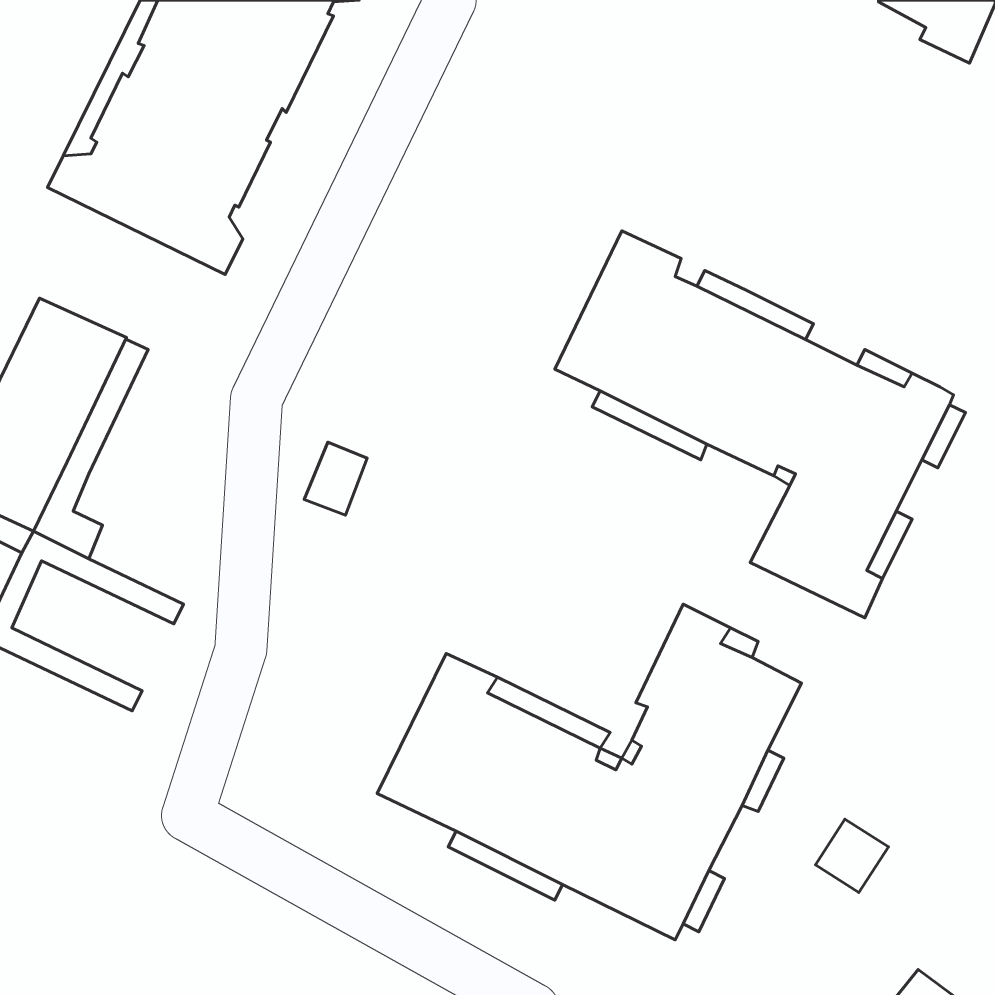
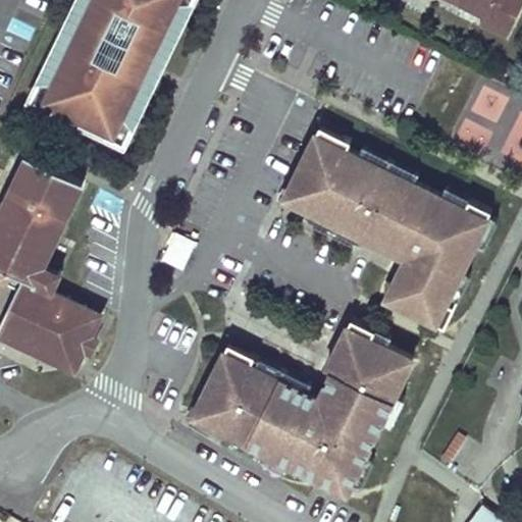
building: none -> [6,297,90,364]

